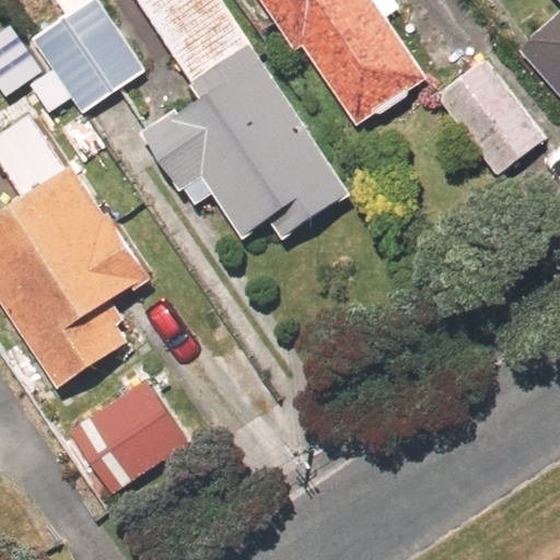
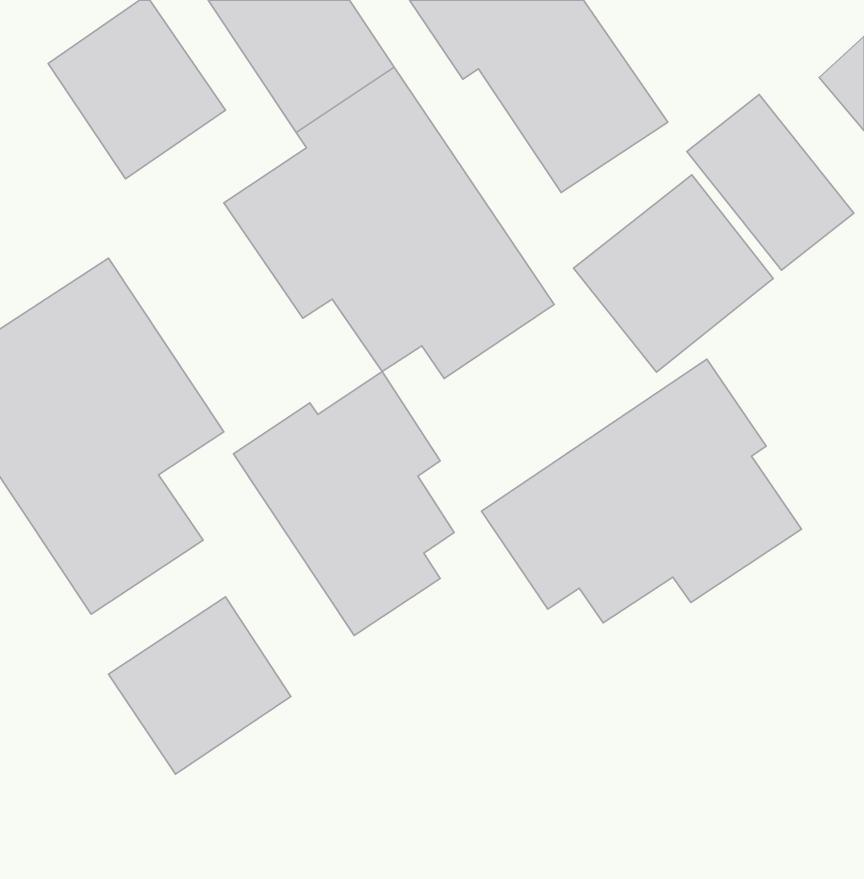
building: none -> [573,175,773,372]
building: none -> [481,359,801,623]
building: none -> [234,372,454,636]

